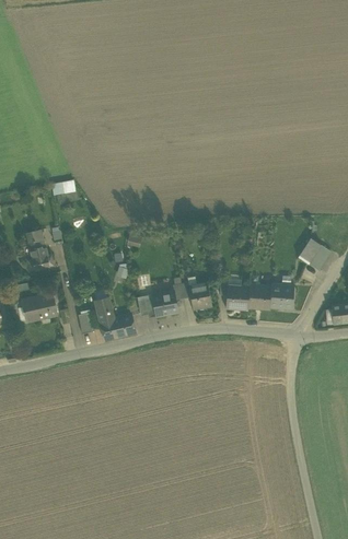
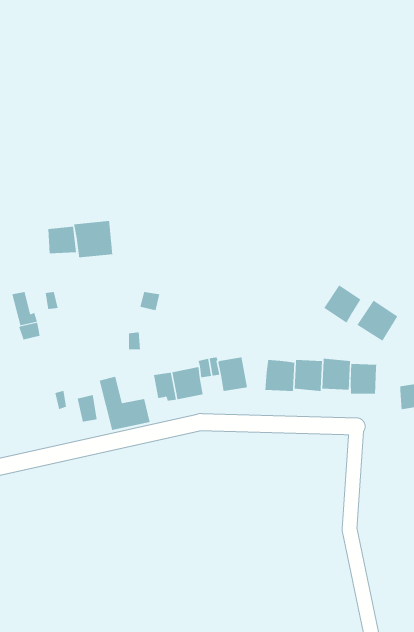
building: none -> [74,220,113,258]
building: none -> [323,284,361,324]
building: none -> [350,363,377,394]
building: [23,293,56,318] -> none

